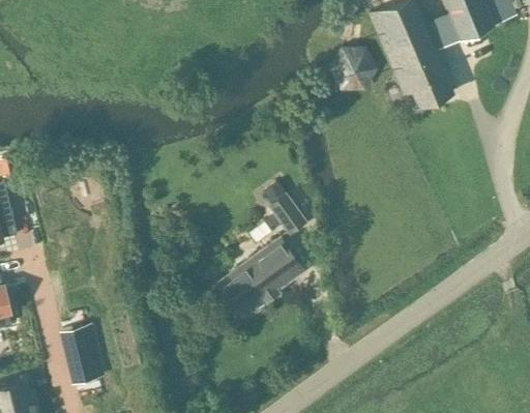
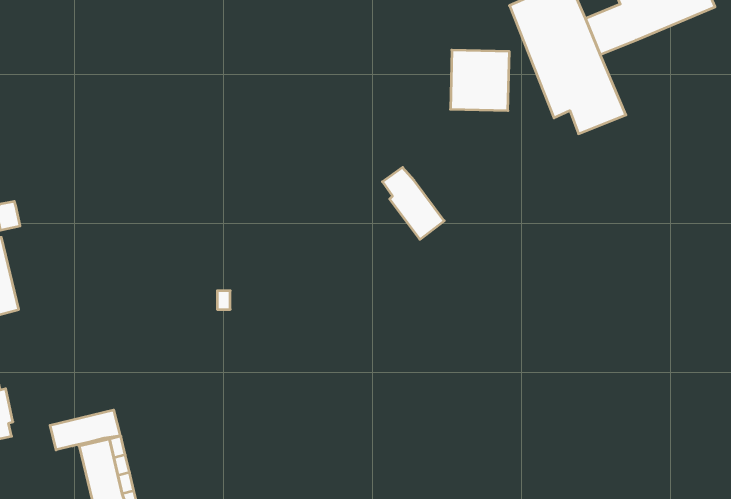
building: [262,183,306,235] -> [382,167,444,239]
building: [207,239,301,316] -> none
building: none -> [50,410,120,450]

